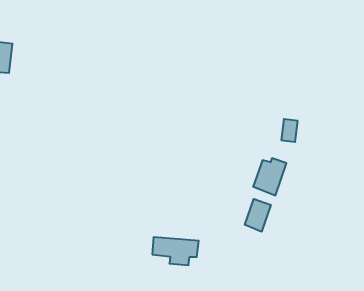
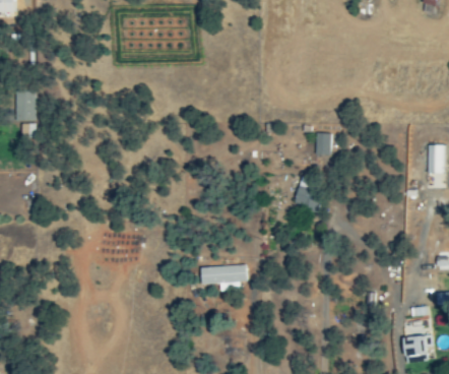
building: [245,199,271,232] -> none

